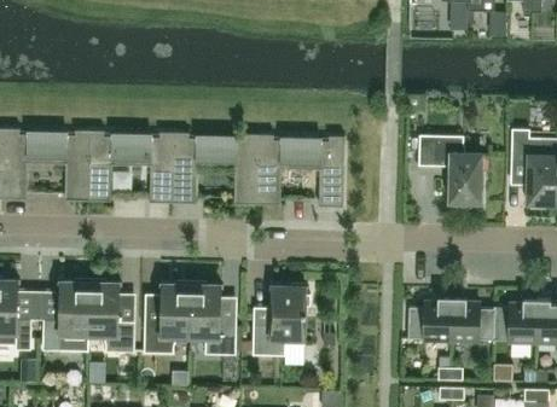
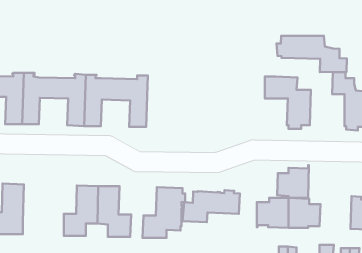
building: none -> [277,36,347,72]
building: [256,134,344,207] -> none
building: [88,283,134,351] -> none
building: none -> [182,190,240,222]
building: [493,298,536,343] -> [277,165,309,198]

